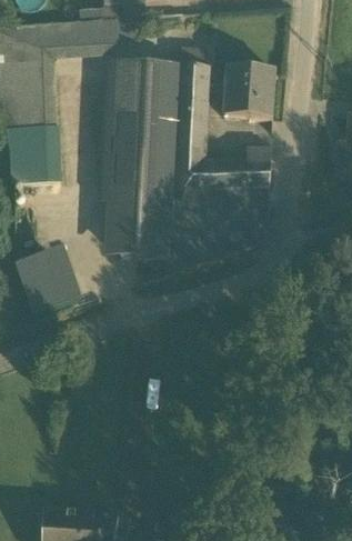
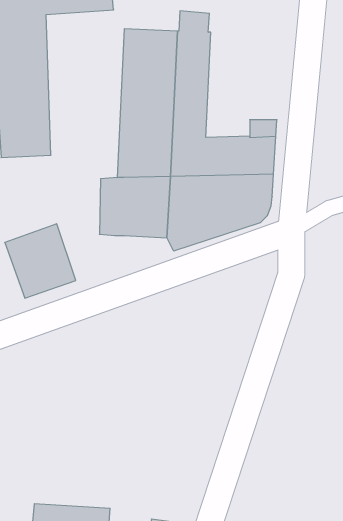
building: [98,58,127,200] -> none
building: [218,63,273,116] -> none

